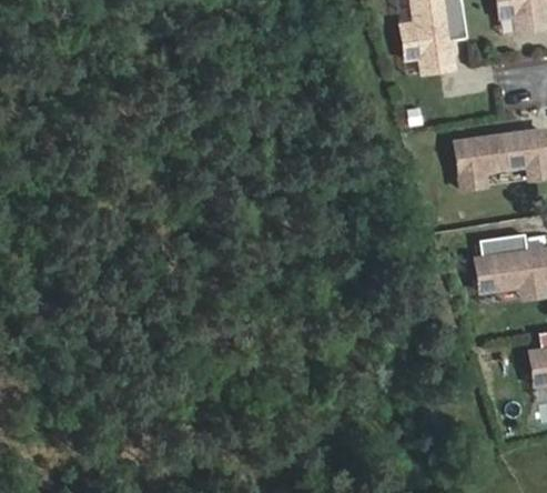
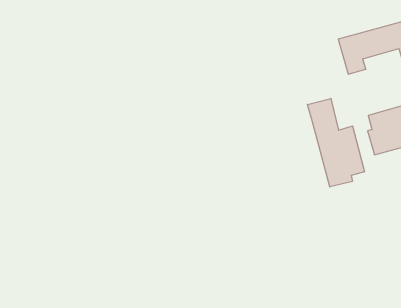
building: none -> [308,98,364,187]

